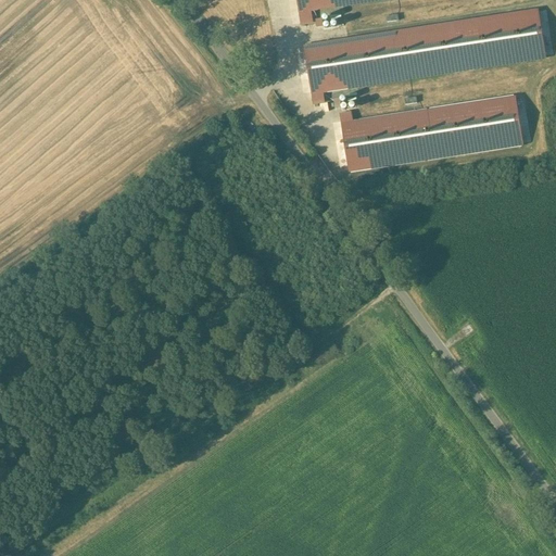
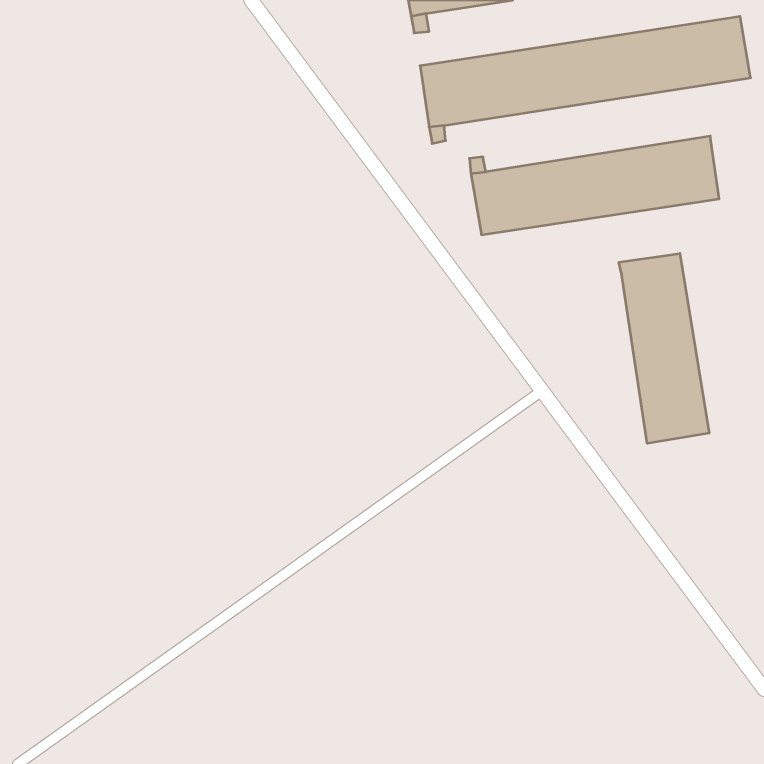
building: none -> [619,253,709,443]

